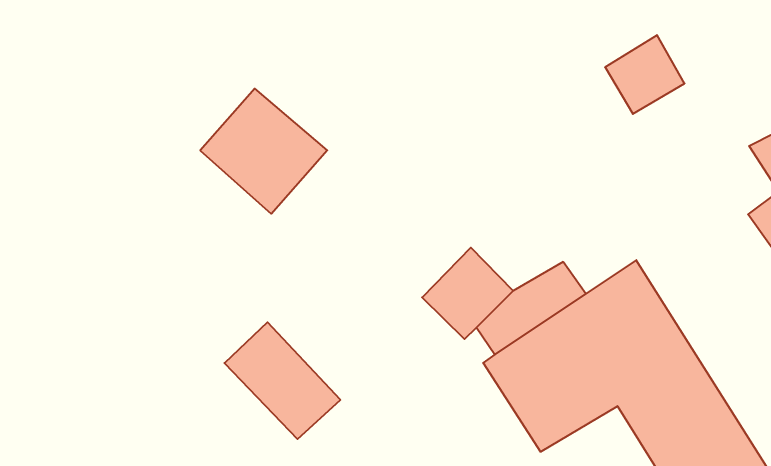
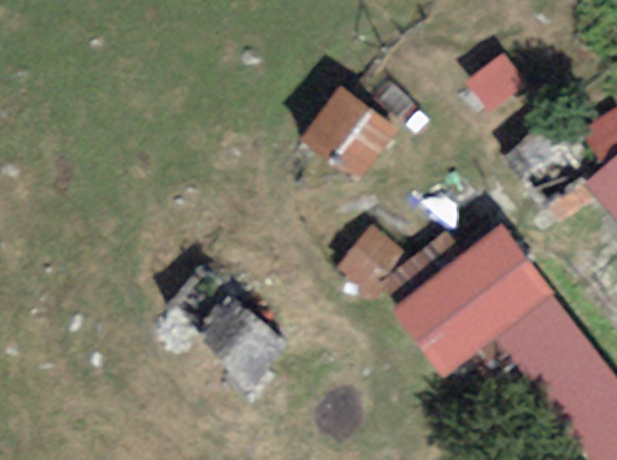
building: [200,89,327,214] -> [301,87,398,181]

